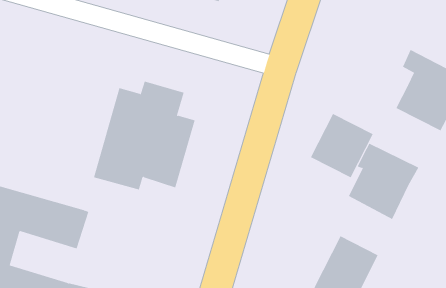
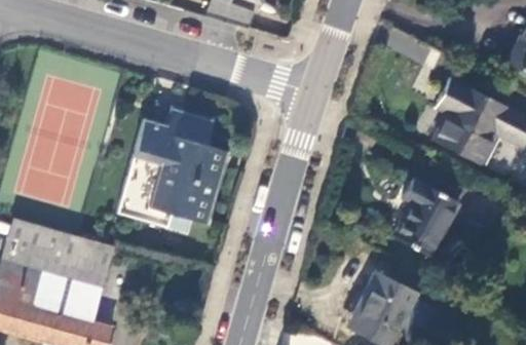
building: [310,113,373,178] -> none
building: none -> [33,269,103,322]

